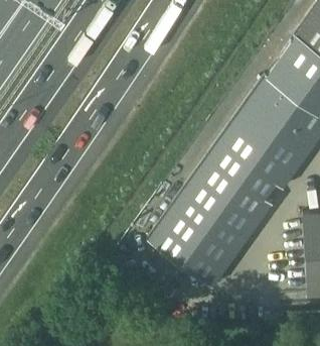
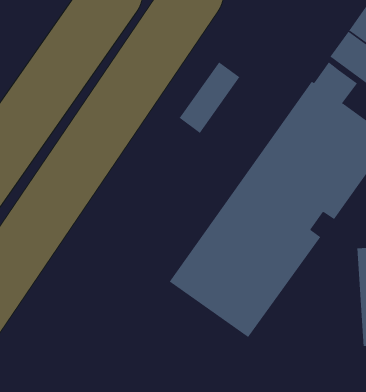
building: none -> [179,61,240,134]

